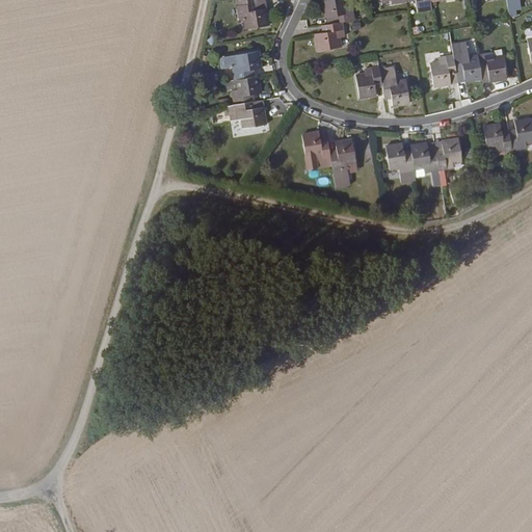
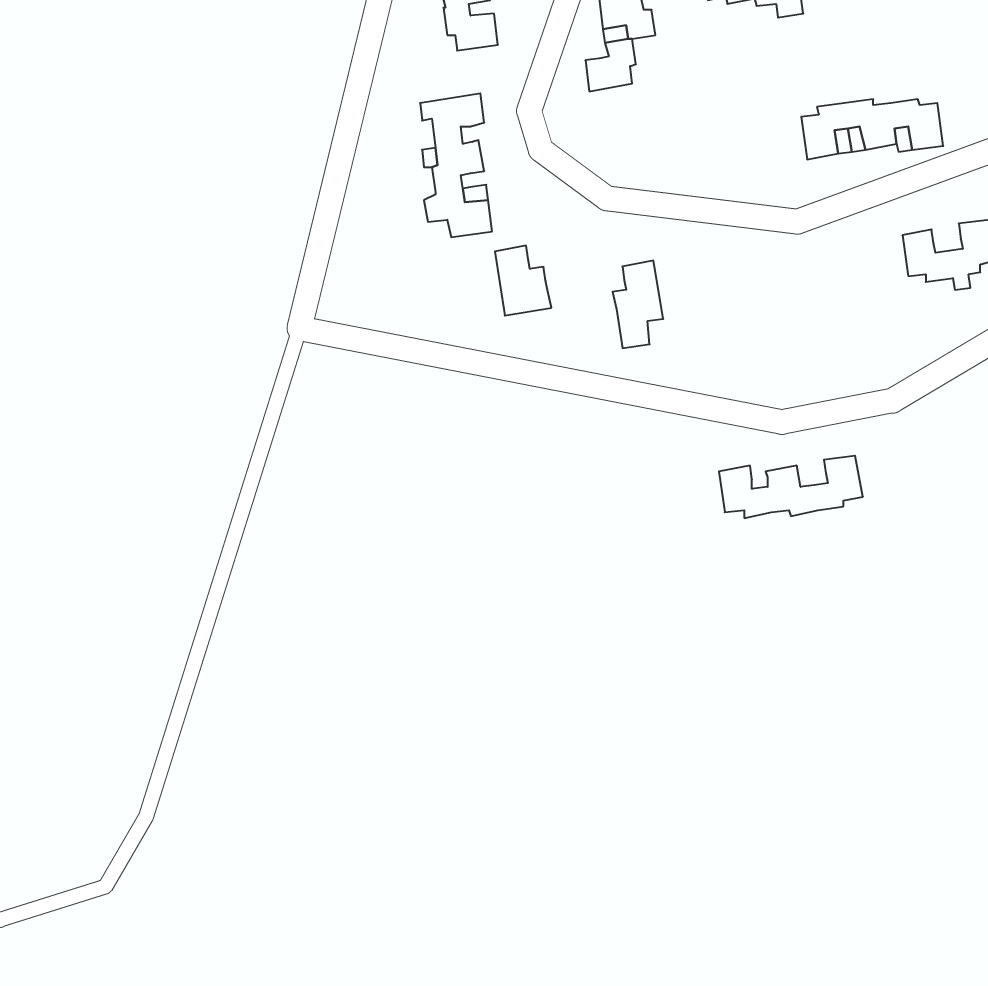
building: [356,65,409,105] -> none
building: [302,132,332,169] -> [495,246,551,316]
building: [387,138,463,171] -> [719,456,863,518]

